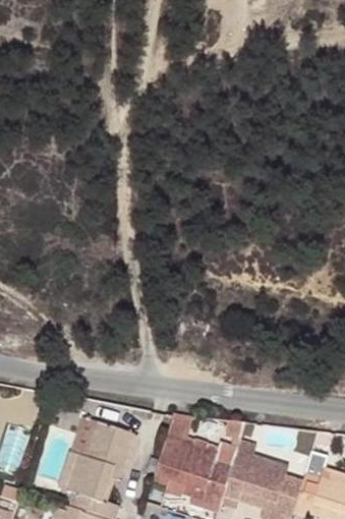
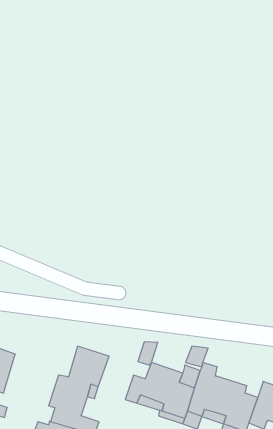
building: [58,417,100,489] -> none

